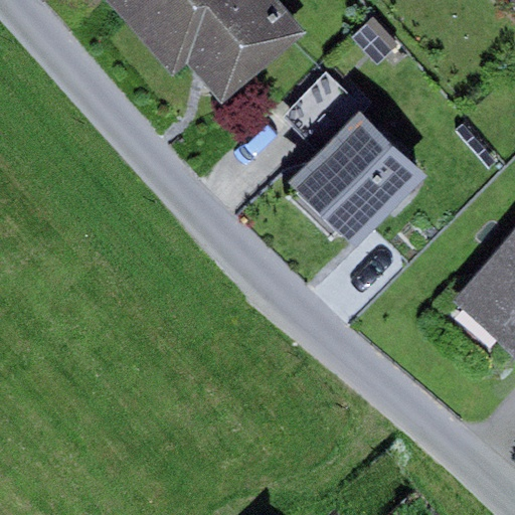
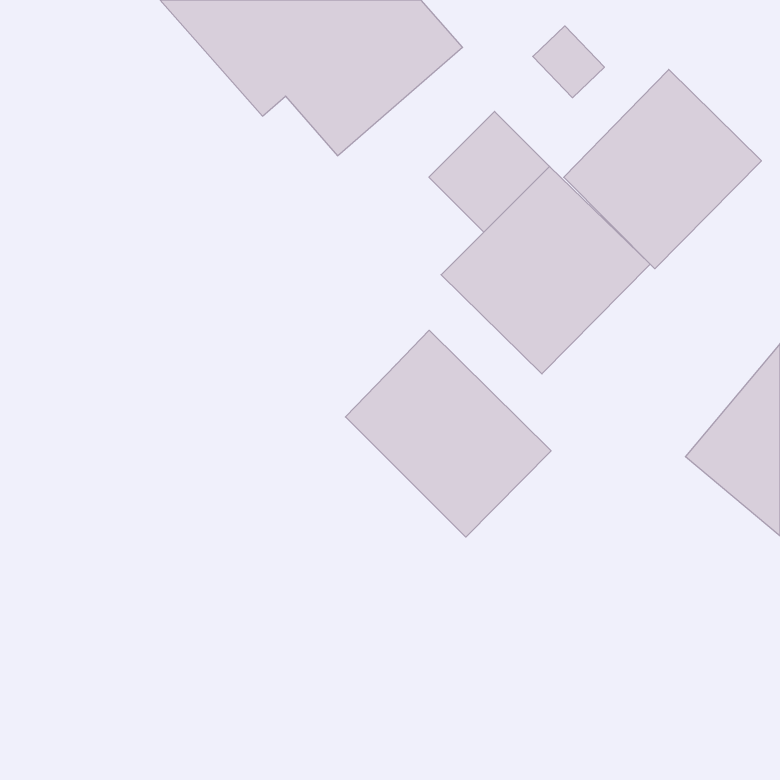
building: none -> [564,69,761,269]
building: none -> [345,330,551,537]

